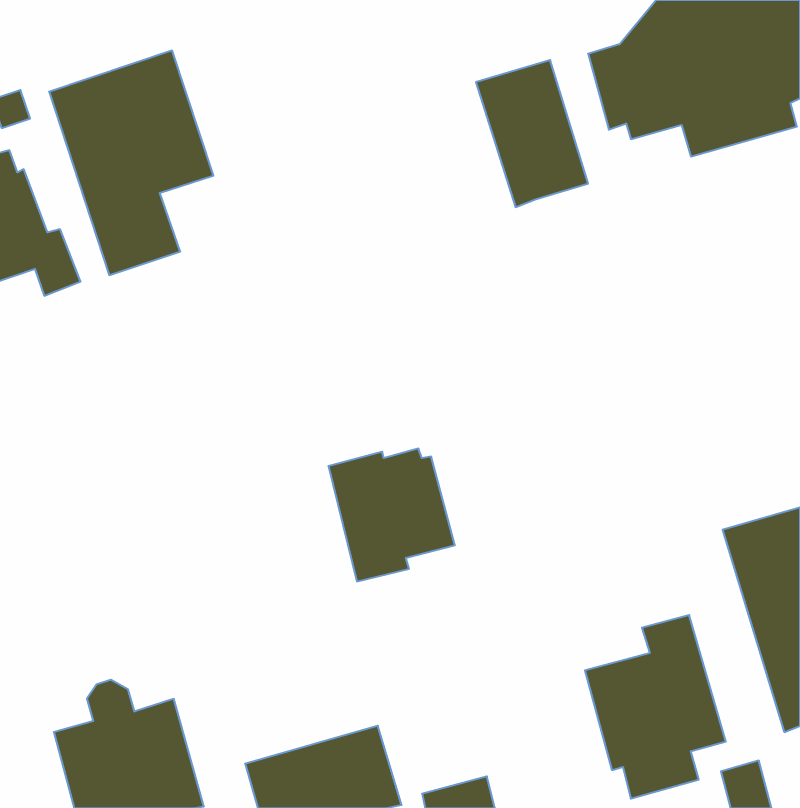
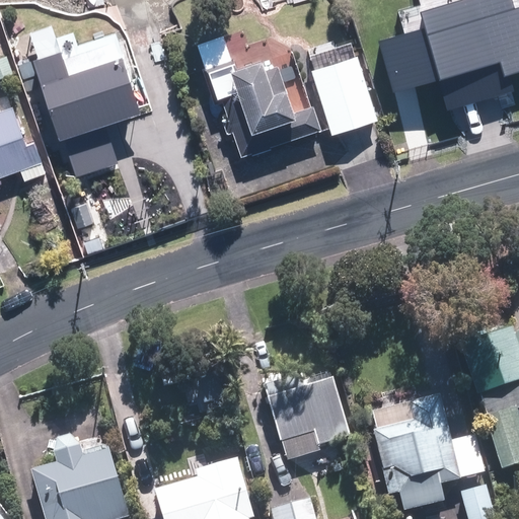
building: none -> [206,40,323,160]
building: [328,449,455,581] -> [269,373,350,458]

